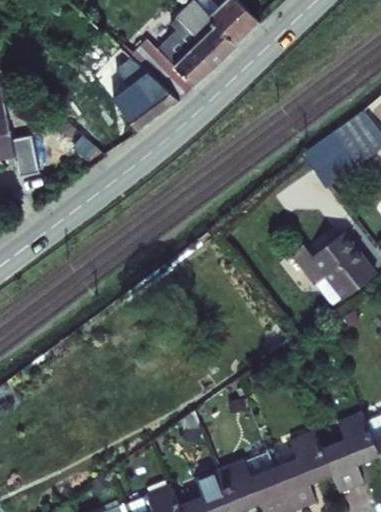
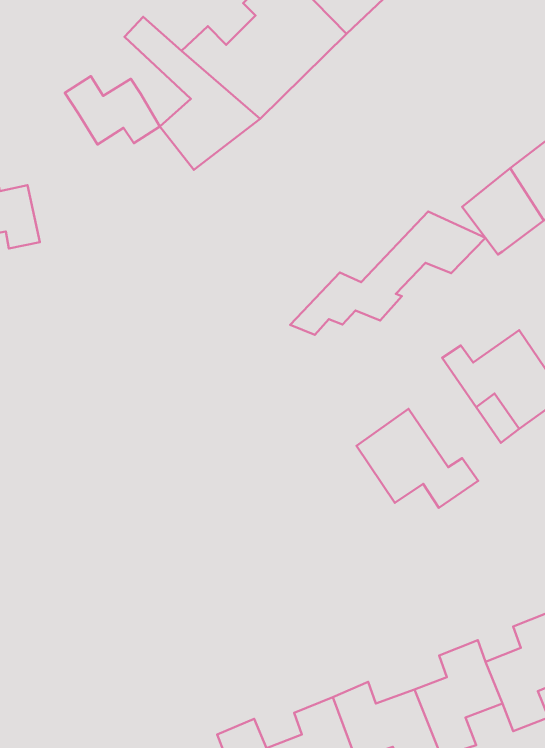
building: none -> [65,76,160,144]
building: none -> [290,212,485,335]
building: none -> [357,409,478,508]

